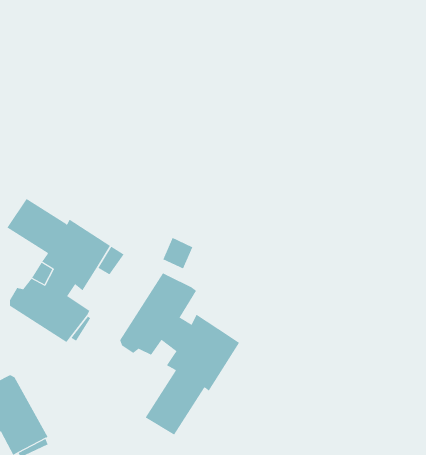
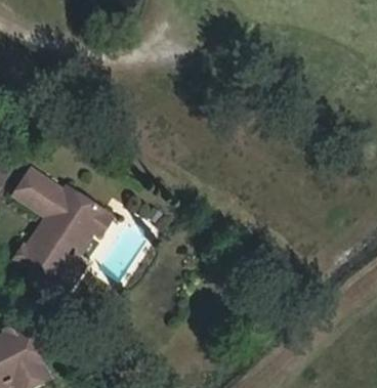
building: [120,273,240,436] -> none

